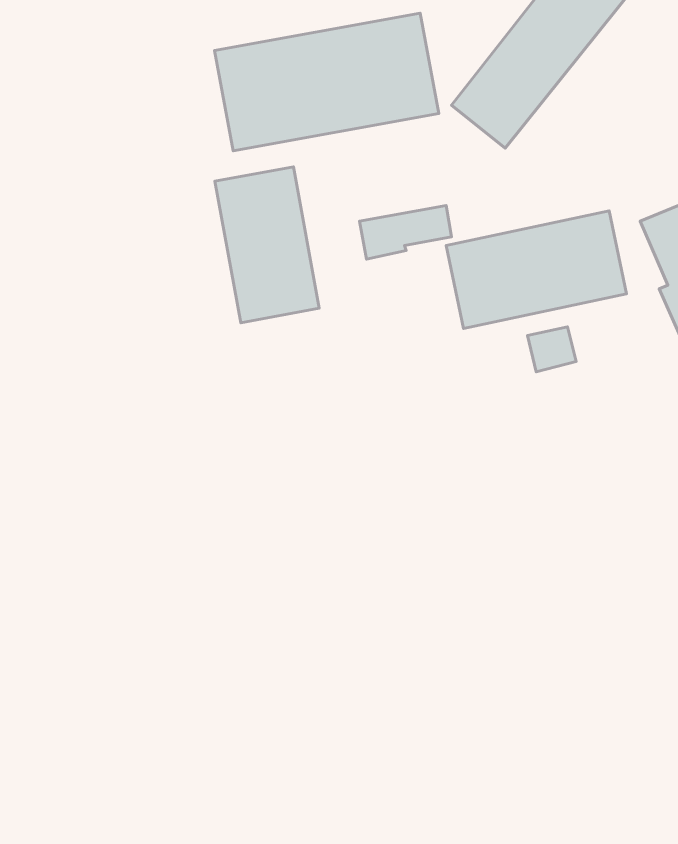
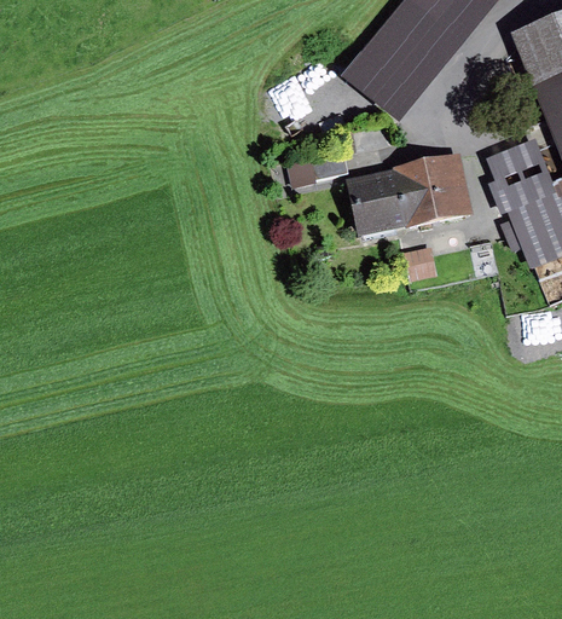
building: [215,13,439,151] -> none
building: [215,167,319,323] -> none

